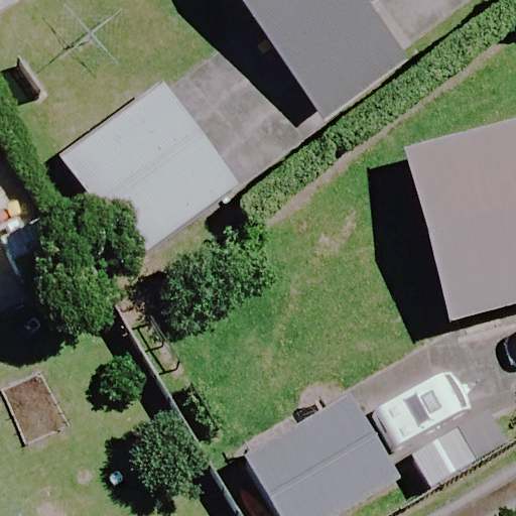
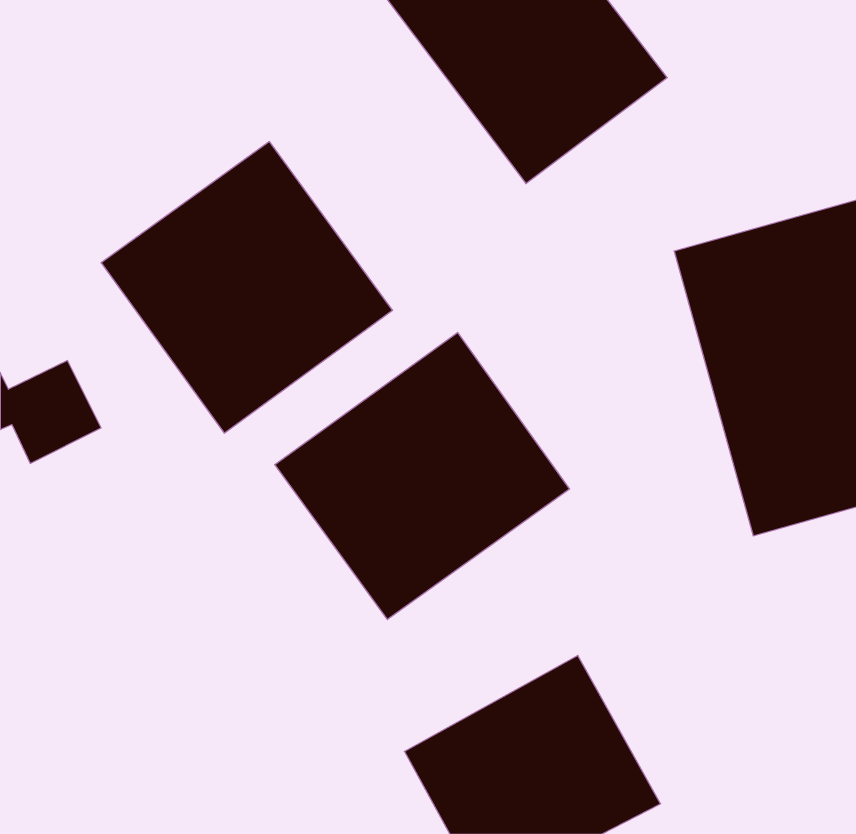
building: none -> [275,332,570,620]

